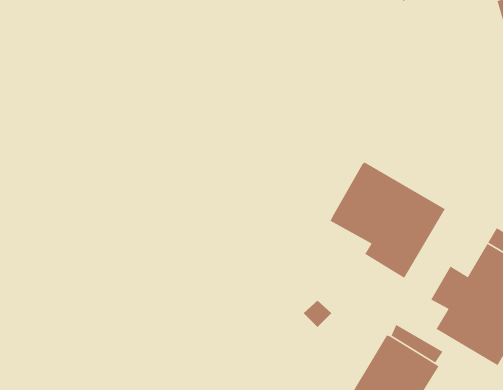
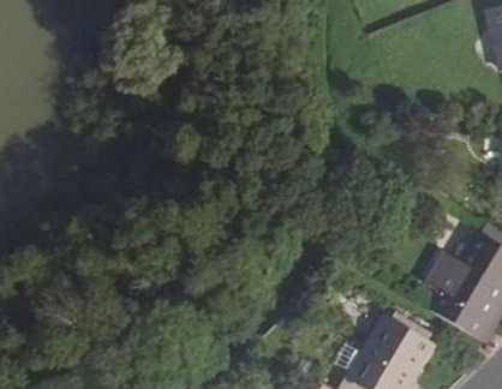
building: [329,161,446,279] -> none

